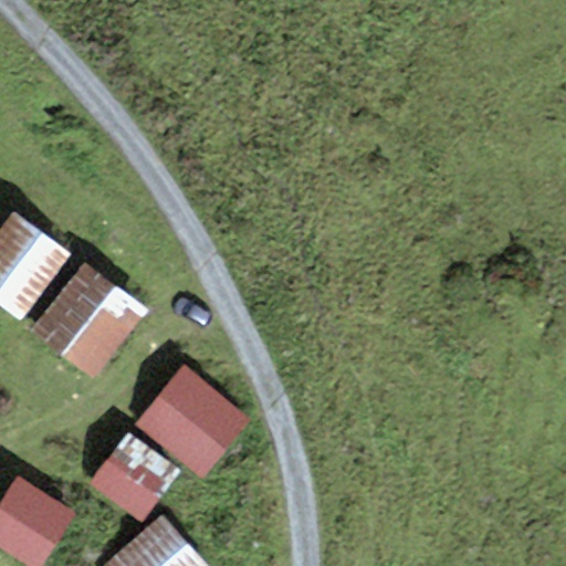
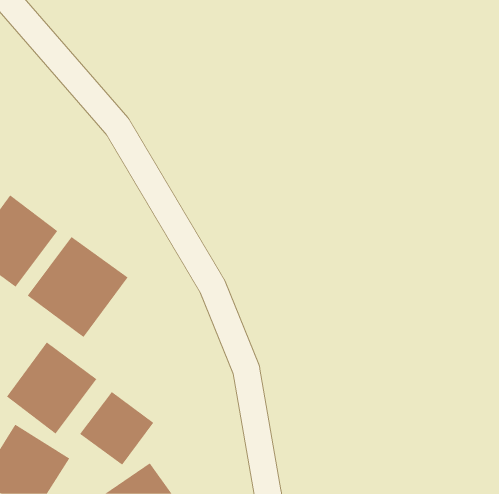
building: [144,373,244,472] -> none
building: none -> [6,341,97,435]

